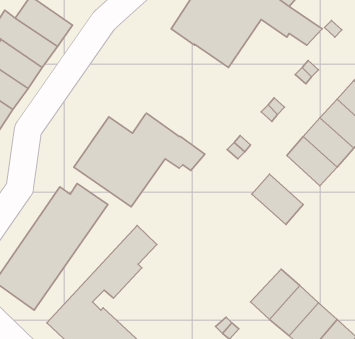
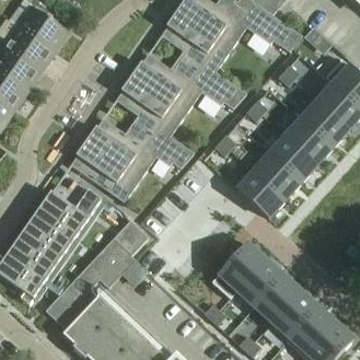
building: none -> [116,49,247,136]
building: none -> [254,153,301,199]
building: none -> [219,243,265,290]

